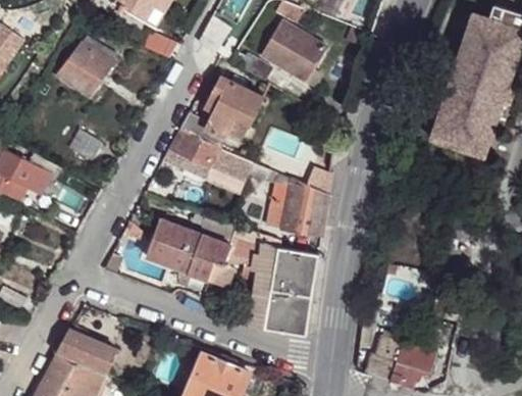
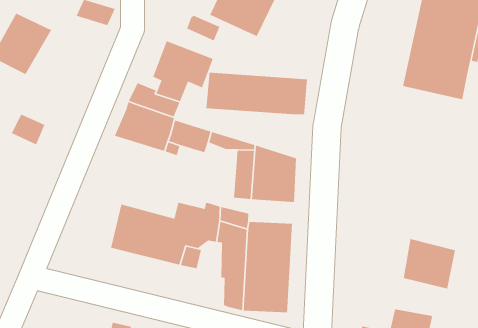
building: none -> [206,72,308,115]
building: none -> [403,238,456,289]

